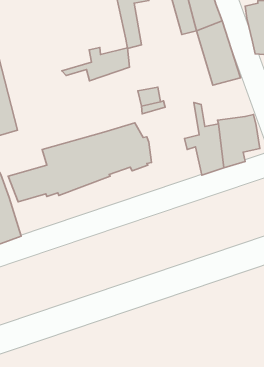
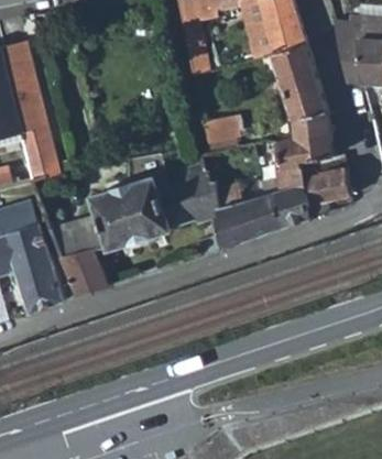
building: [62,47,129,81] -> none
building: none -> [280,110,332,168]
building: none -> [215,184,281,247]
building: none -> [61,249,108,296]

